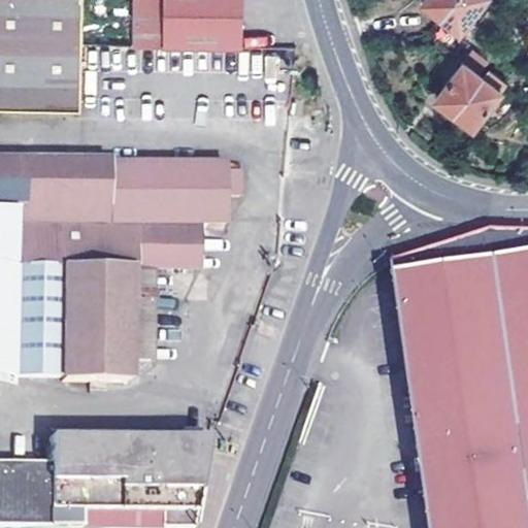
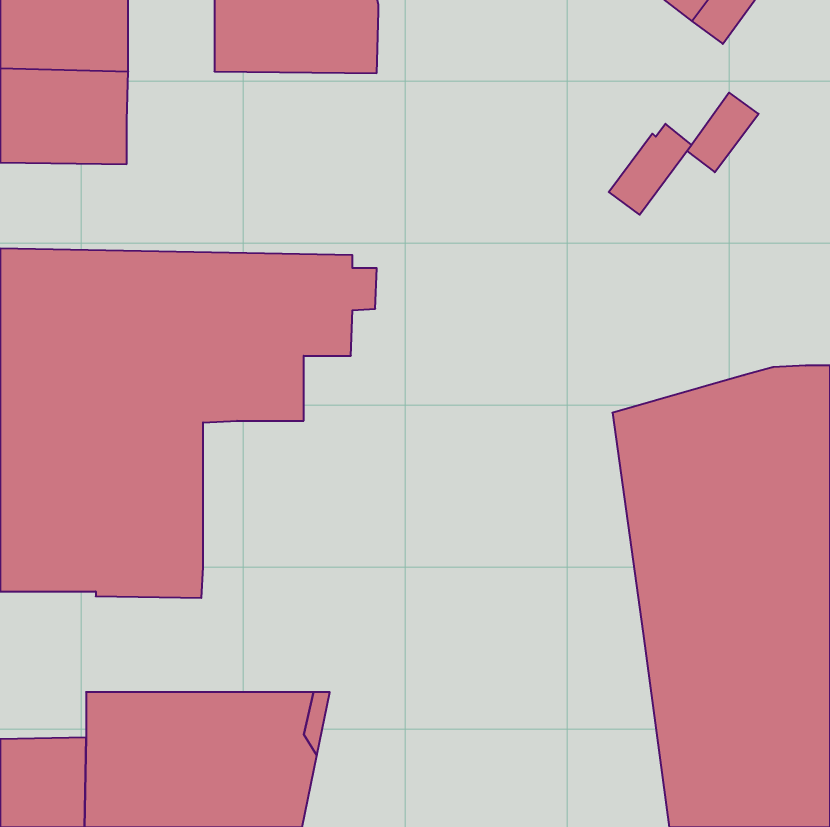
building: [454,66,506,124] -> [609,124,692,215]
building: [129,267,151,360] -> none

